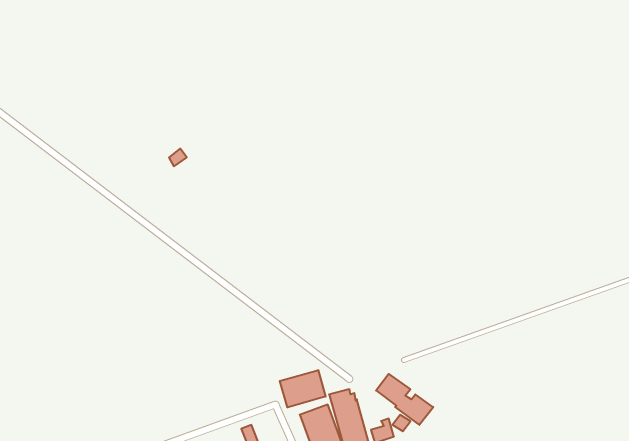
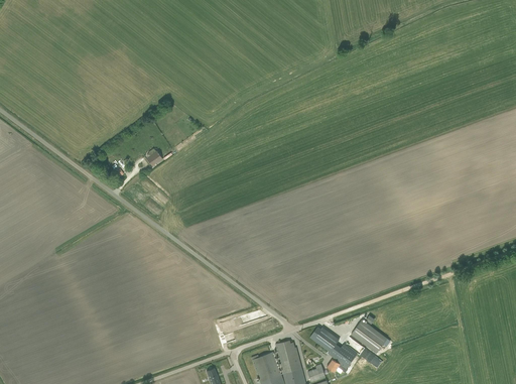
building: none -> [349,321,386,354]
building: [280,370,326,407] -> none

